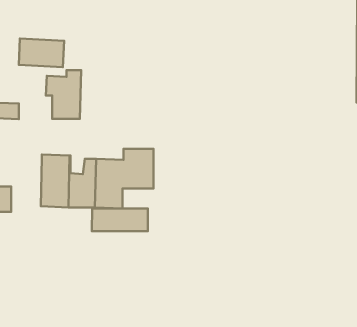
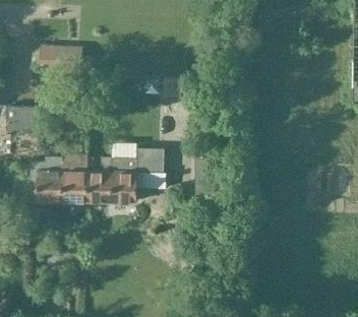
building: [46,70,81,119] -> [32,156,64,201]
building: [92,208,148,231] -> none

